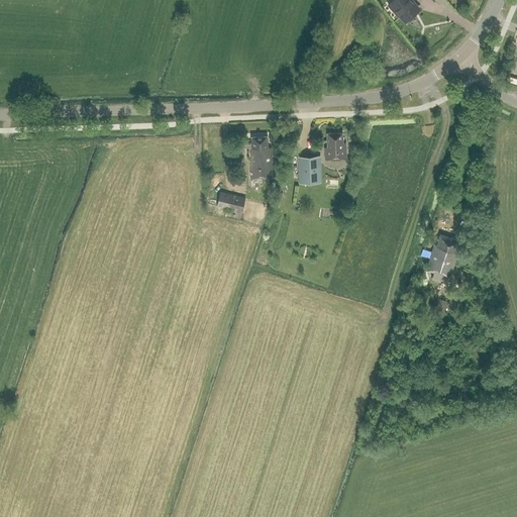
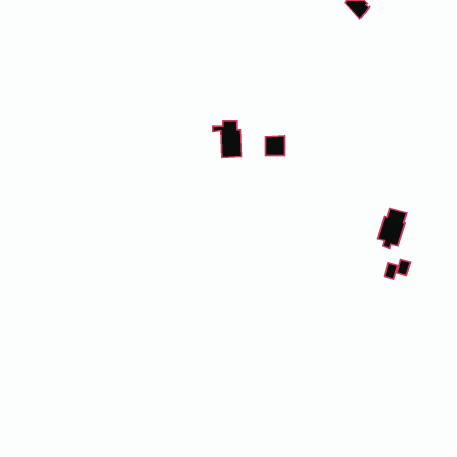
building: [325,133,346,161] -> none
building: [217,192,245,212] -> none

